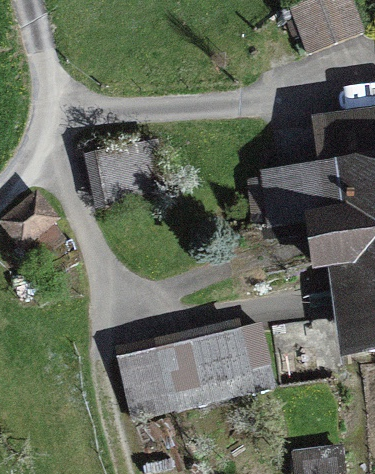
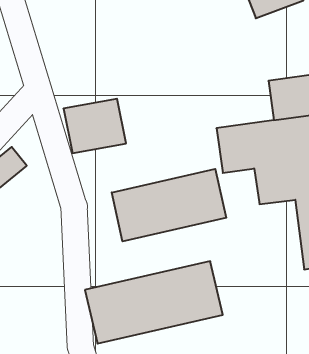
building: none -> [112,169,226,241]

